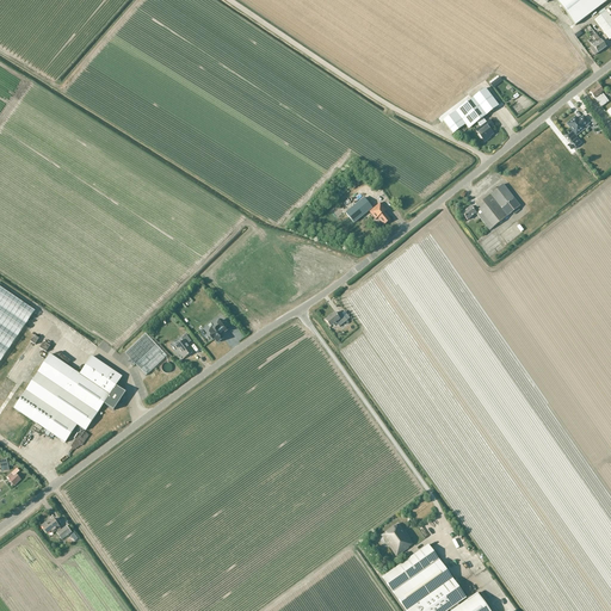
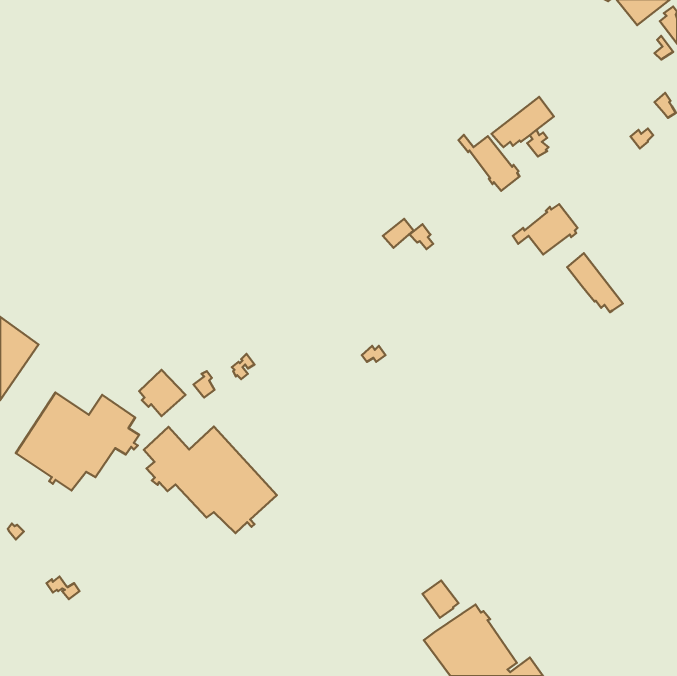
building: none -> [458,135,520,191]
building: none -> [567,253,623,312]
building: none -> [144,426,277,533]

